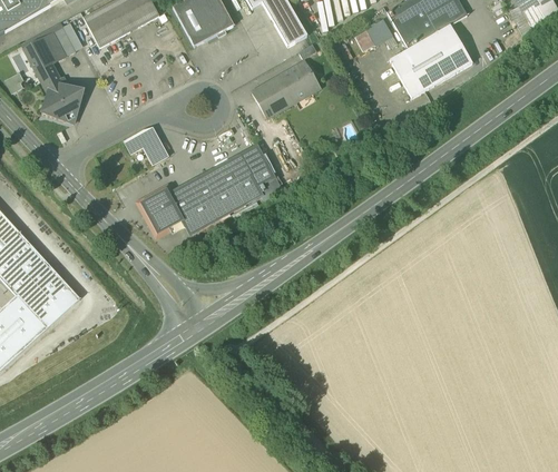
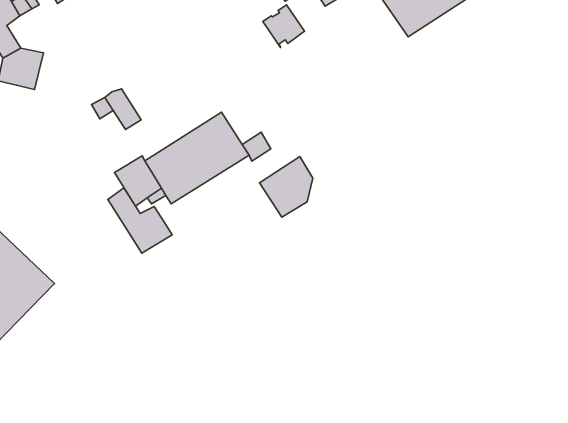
building: [251,75,296,117] -> none
building: [239,144,274,184] -> none
building: none -> [259,157,313,217]
building: none -> [108,188,172,253]

